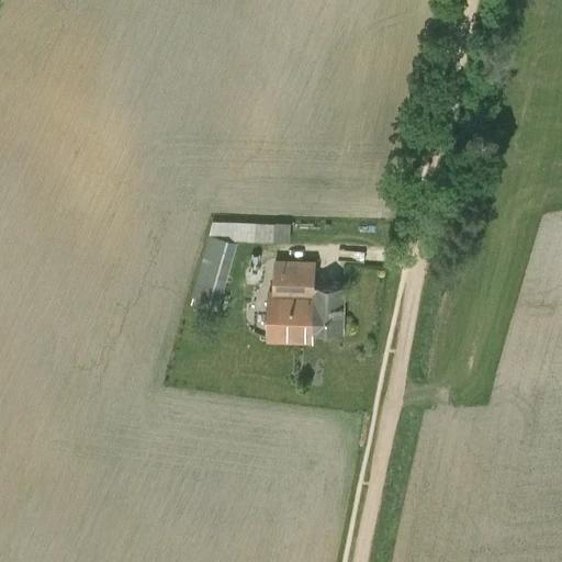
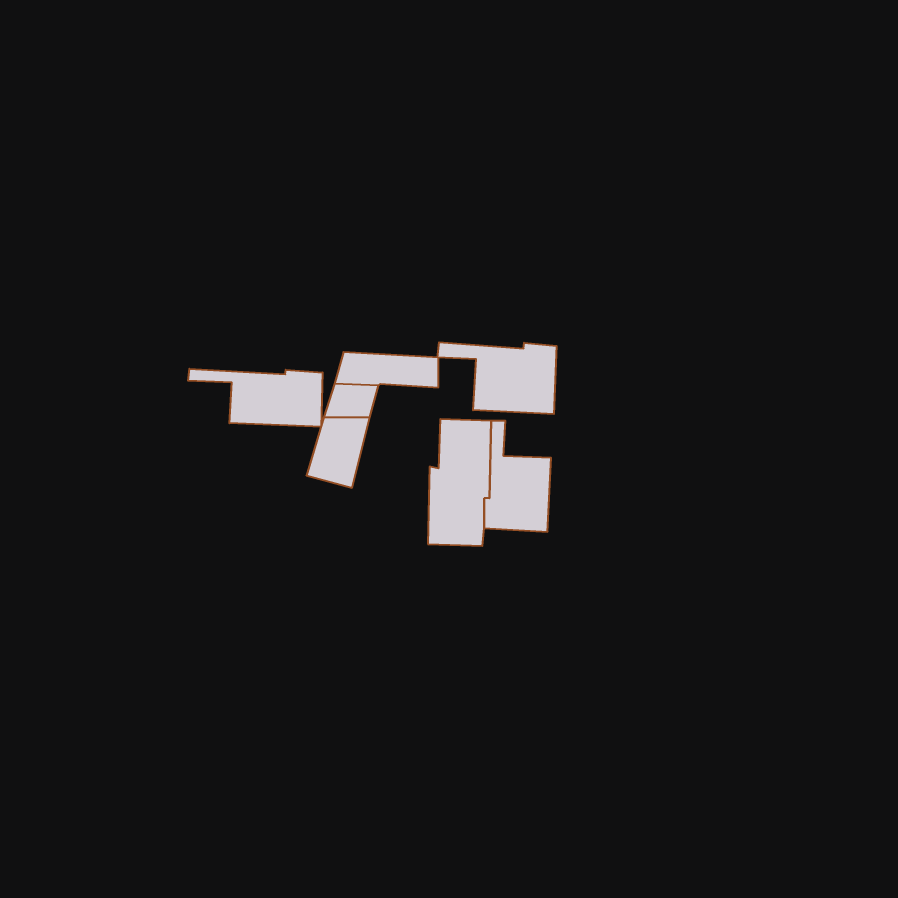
building: none -> [438,342,557,414]
building: none -> [188,369,323,427]

